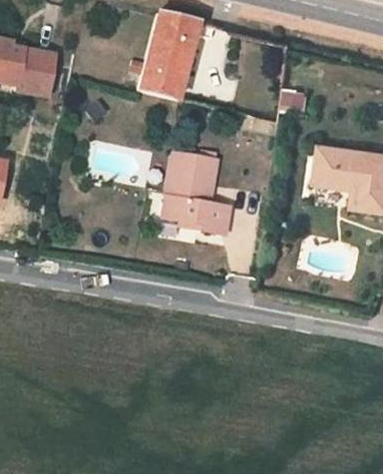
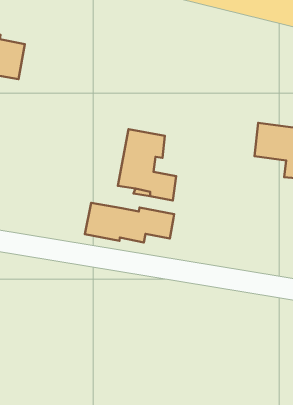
building: [140,12,197,98] -> none
building: none -> [85,203,174,242]

